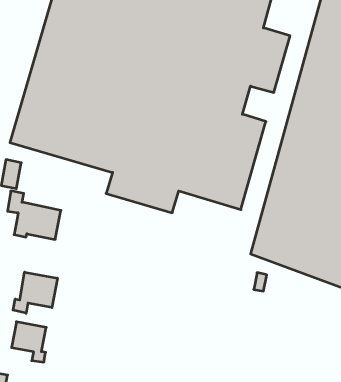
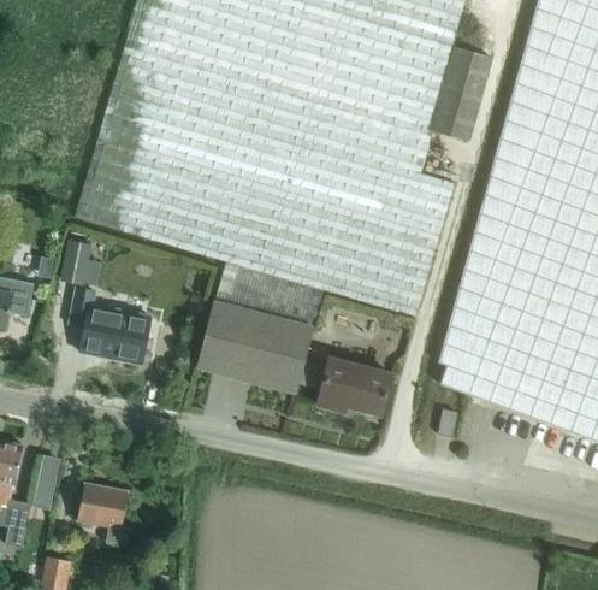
building: none -> [197,302,391,414]
building: [13,272,57,313] -> none

